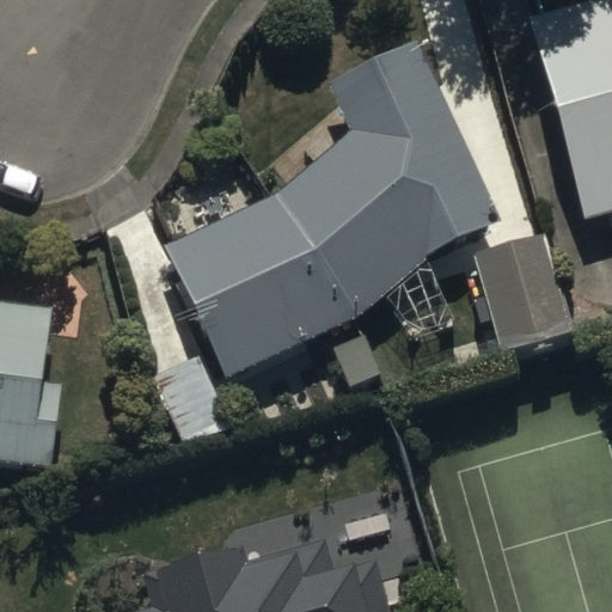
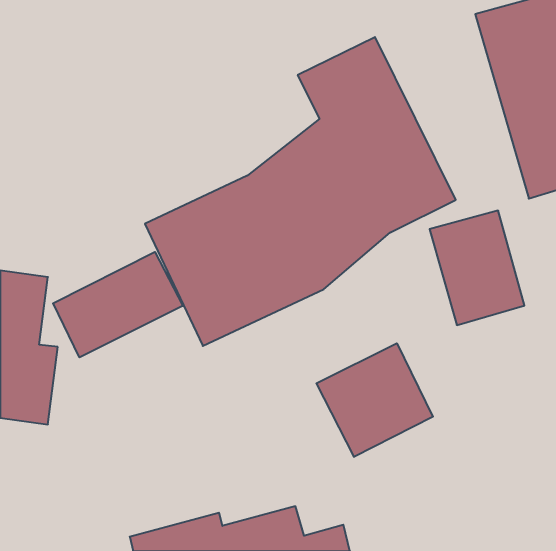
building: none -> [53,252,183,357]
building: none -> [316,343,433,457]

